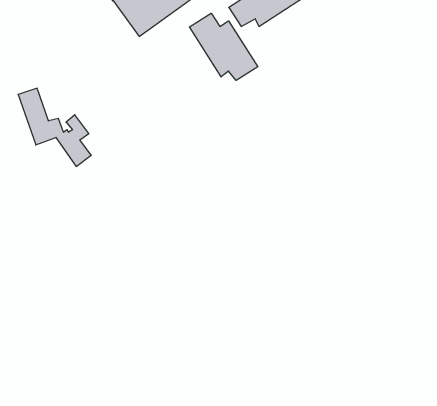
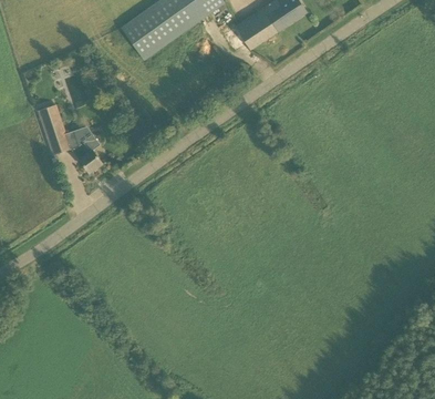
building: [189,13,258,80] -> none

